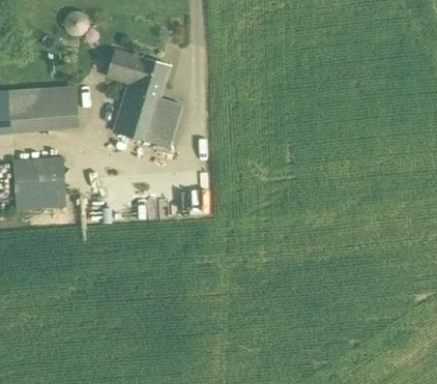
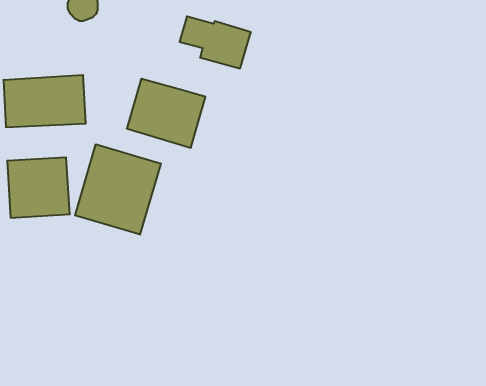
building: [109,54,170,98] -> [180,16,251,68]
building: none -> [75,144,161,235]

